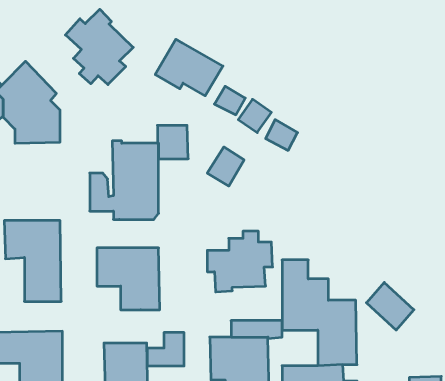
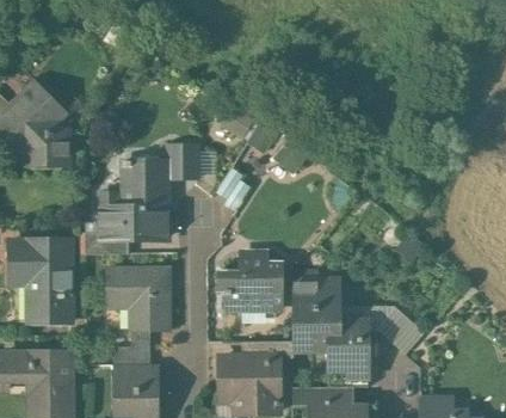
building: [65,9,133,85] -> none
building: [155,39,223,96] -> none
building: none -> [85,232,129,254]
building: [147,333,184,366] -> [113,331,150,364]

